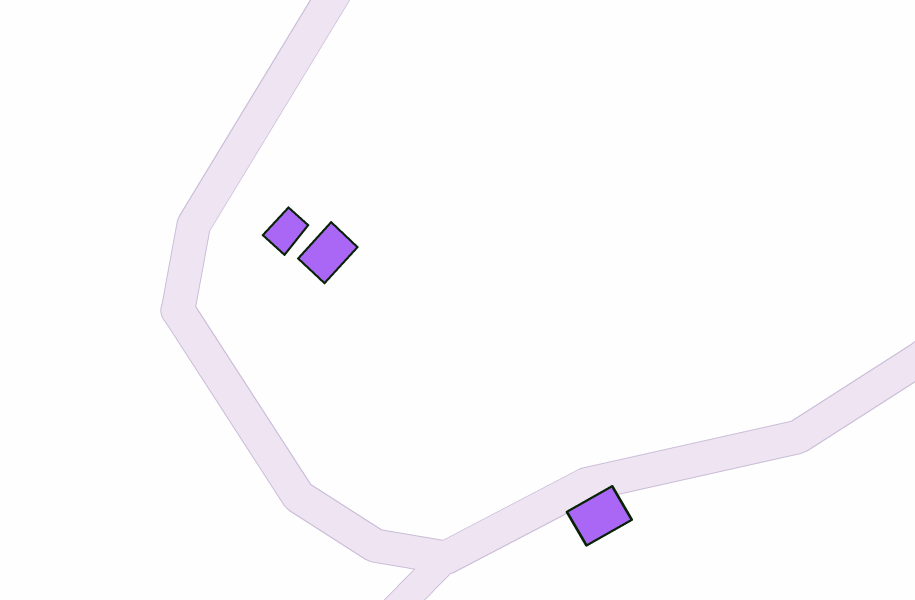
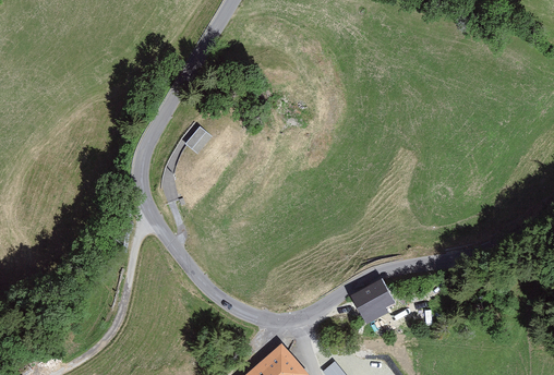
building: [298,222,357,283] -> none

